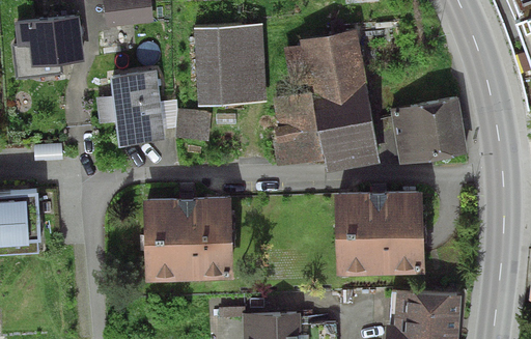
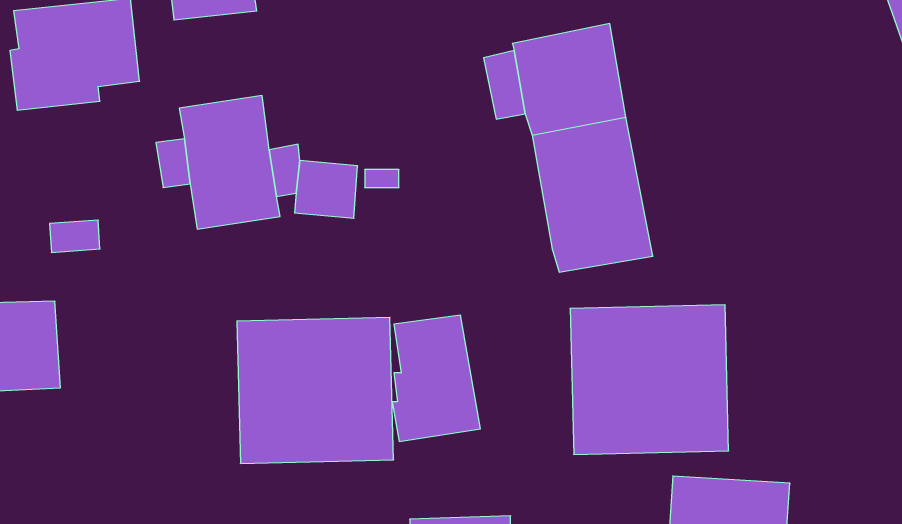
building: [193,23,268,106] -> none
building: [273,92,324,165] -> [392,315,480,441]
building: [391,96,468,163] -> none

